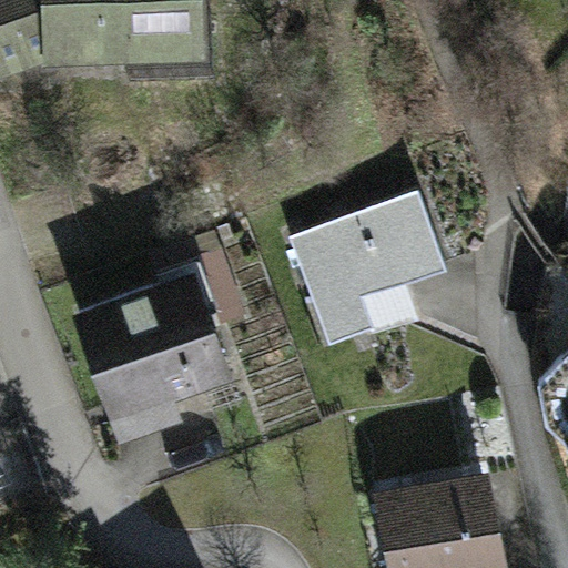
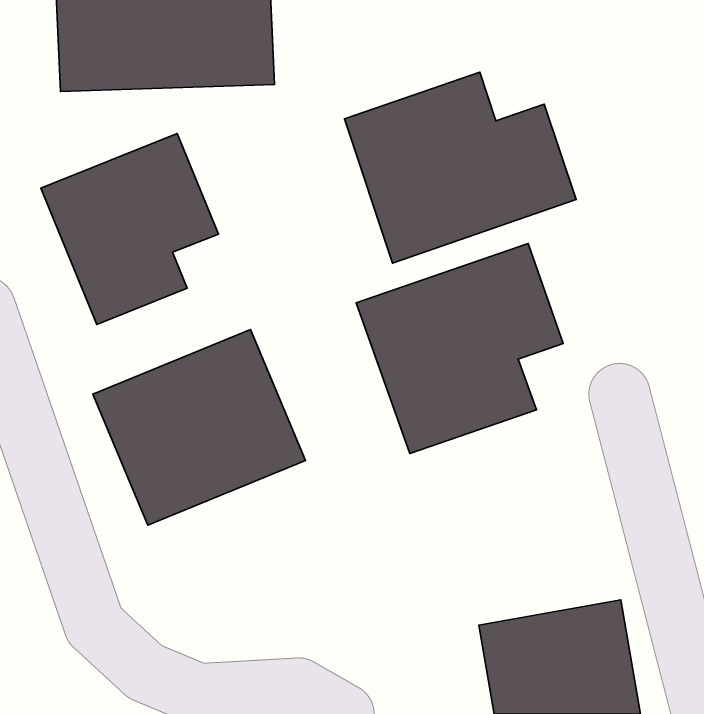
building: none -> [344,72,576,263]
building: none -> [41,133,219,325]

